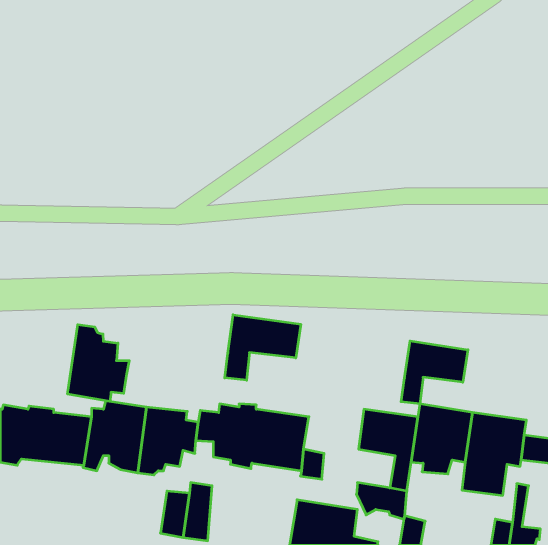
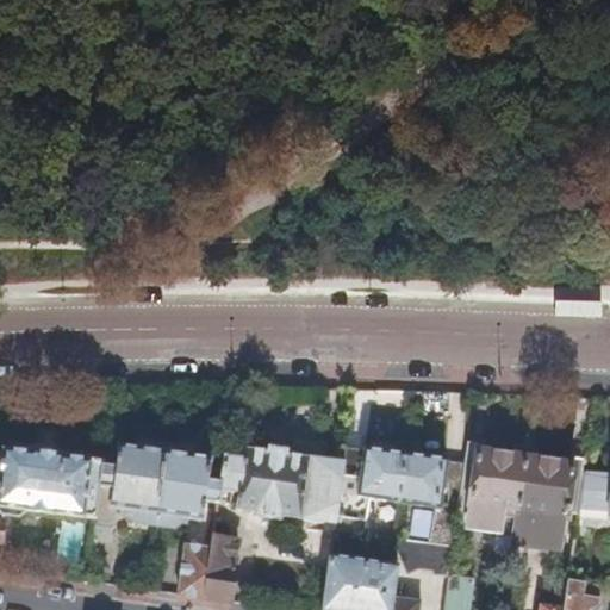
building: [225,315,301,380] -> none
building: [68,325,129,401] -> none
building: [401,341,468,404] -> none
building: none -> [359,447,405,497]

